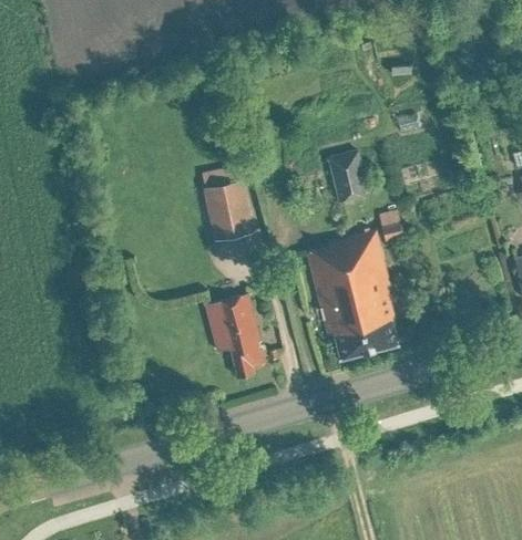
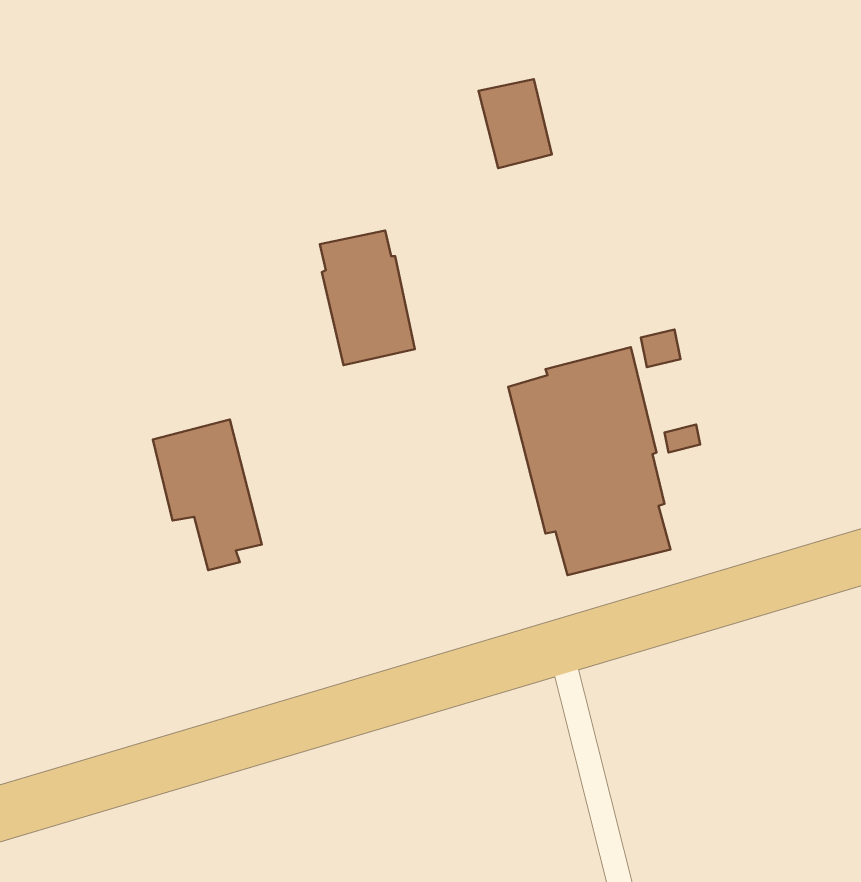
building: [329,152,370,201] -> [478,79,552,168]
building: [206,293,267,377] -> [153,420,262,570]

